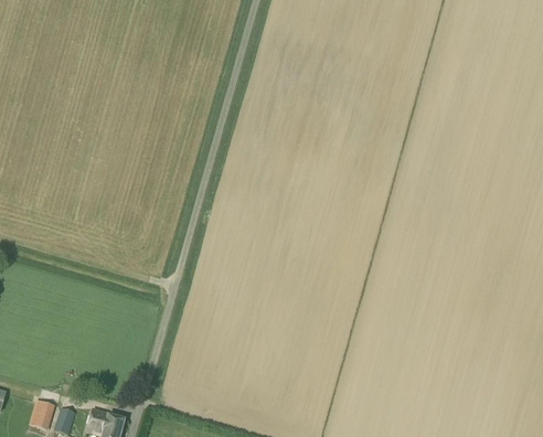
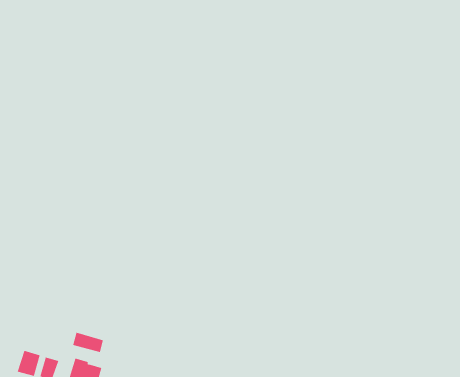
building: none -> [72,332,104,353]

